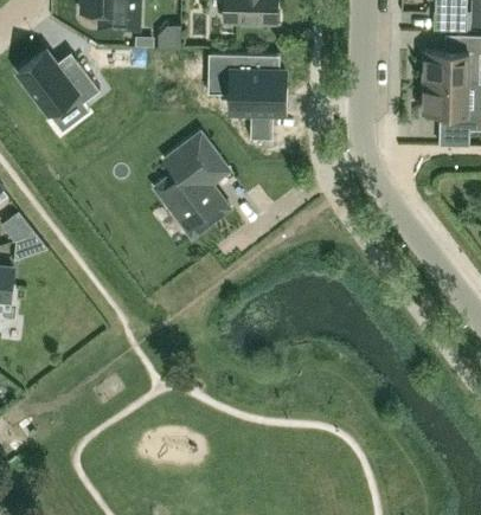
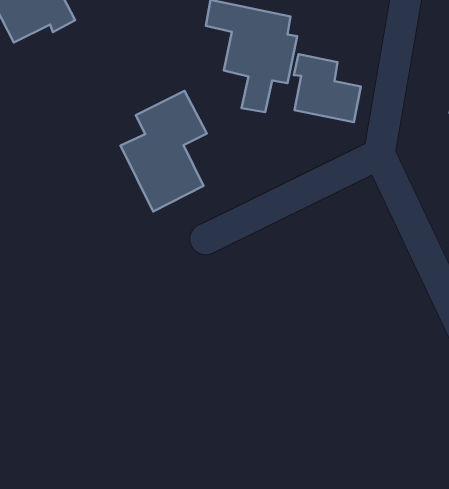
building: none -> [294,54,361,122]

